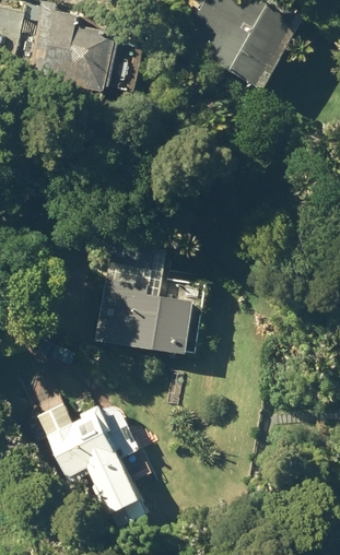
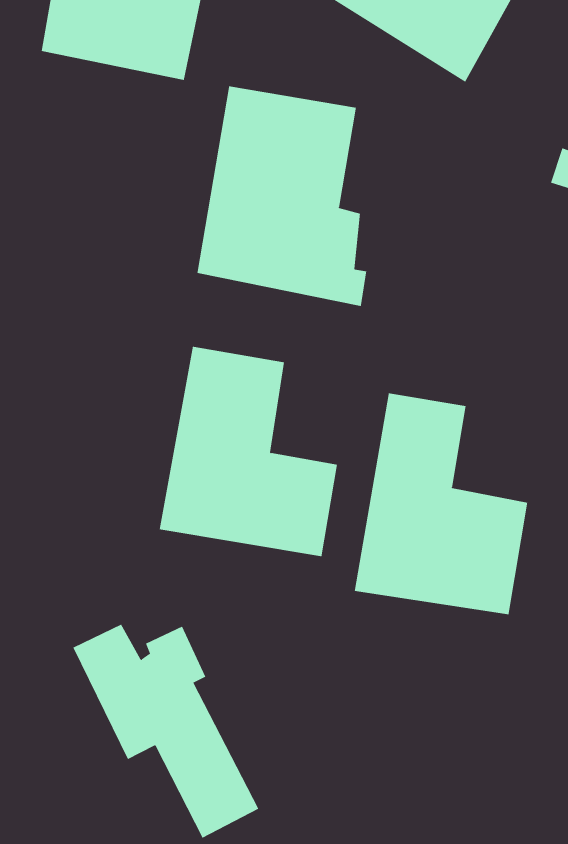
building: none -> [197,86,367,307]
building: none -> [354,392,528,615]

